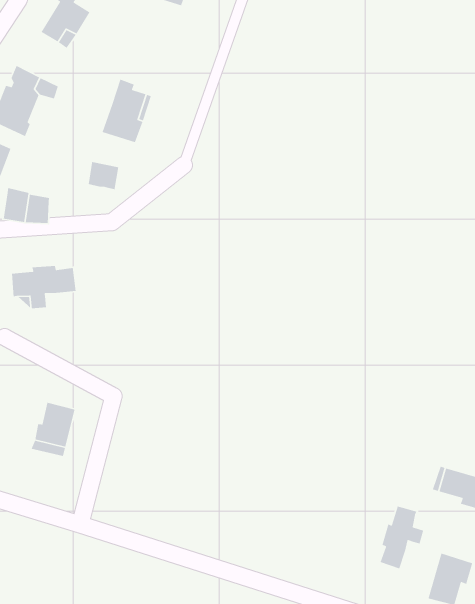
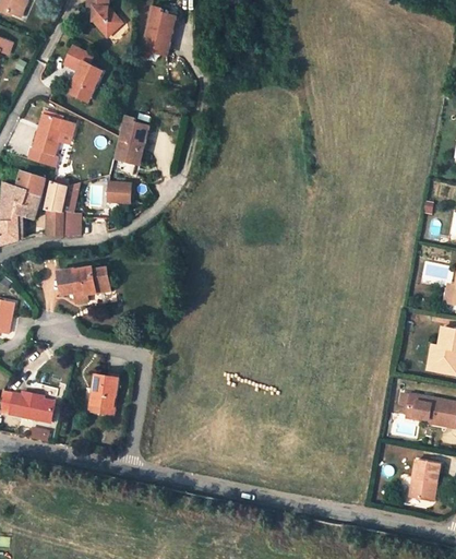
building: none -> [46,182,68,213]
building: [380,505,424,569] -> none

